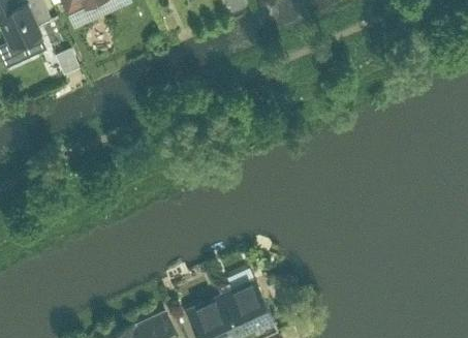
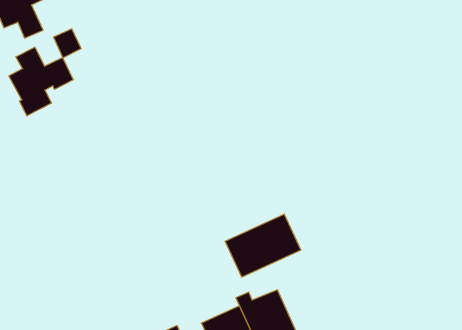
building: none -> [9,47,73,116]
building: none -> [225,214,301,277]

